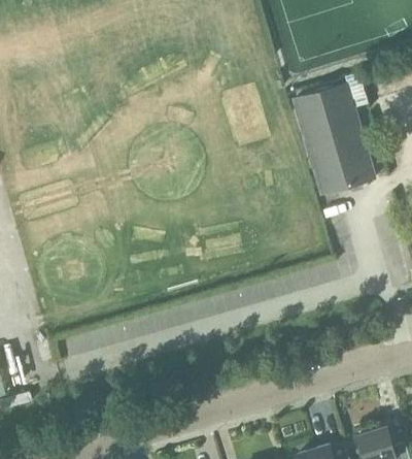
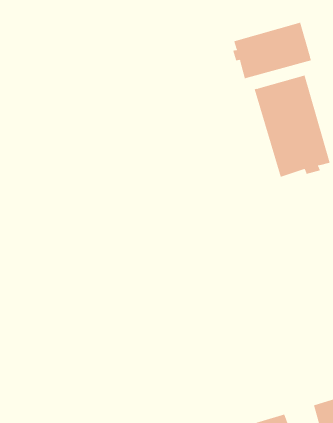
building: none -> [232,22,312,79]

